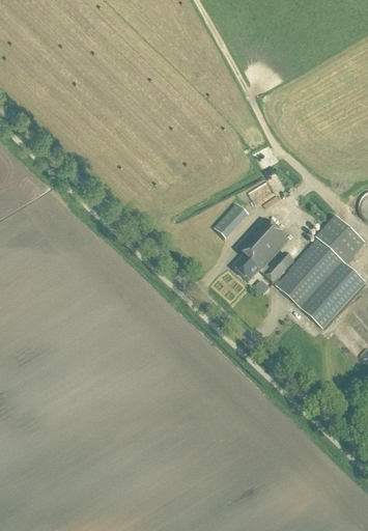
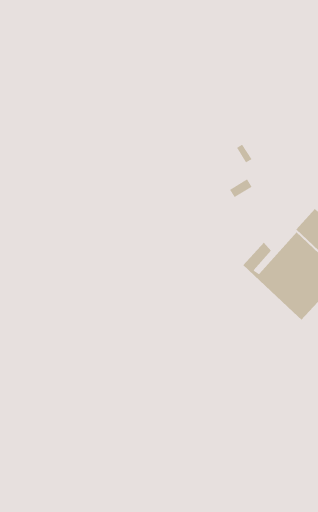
building: [215,203,250,240] -> none
building: [232,217,286,279] -> none

